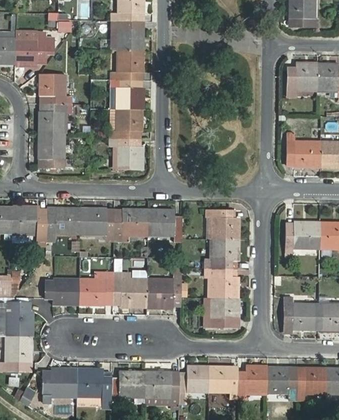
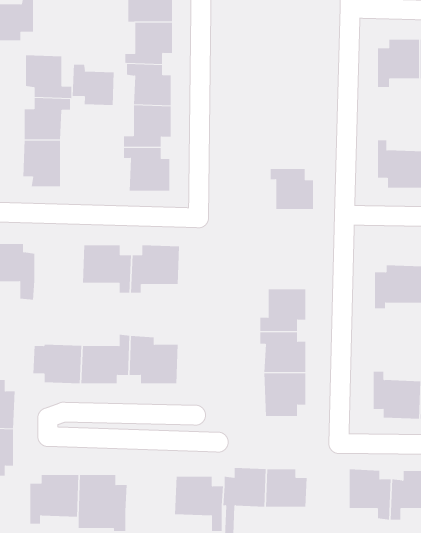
building: none -> [72,64,114,106]
building: [47,206,81,234] -> none
building: [148,208,182,242] -> none
building: [207,209,238,238] -> [270,168,314,210]
building: [147,267,182,306] -> none
building: [238,365,268,394] -> none
building: [111,370,146,397] -> none

